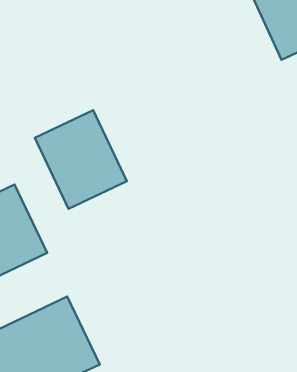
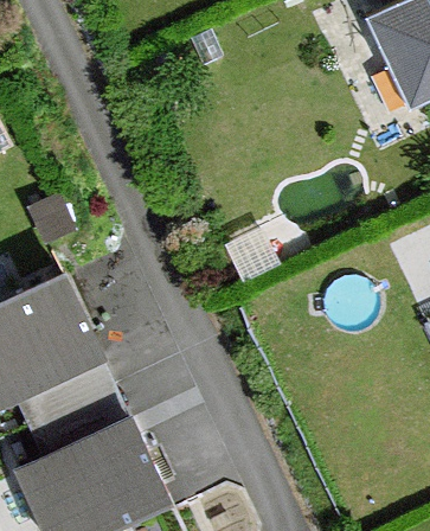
building: [35,110,127,209] -> none

